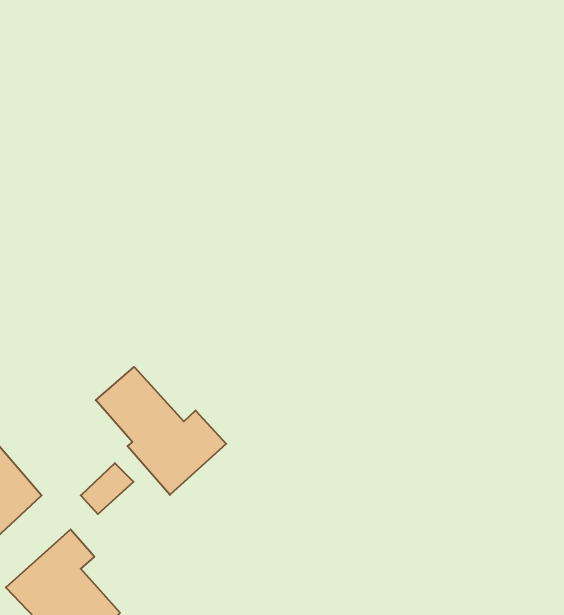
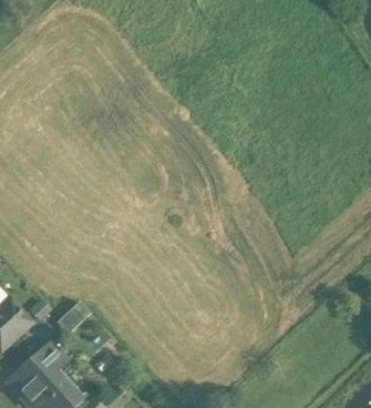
building: [96,367,226,495] -> none

